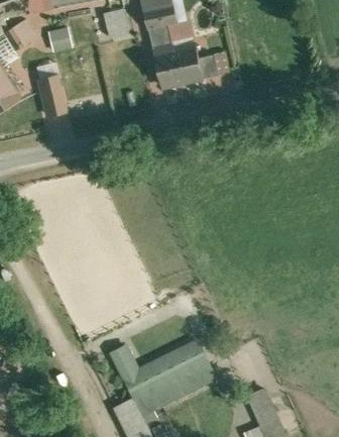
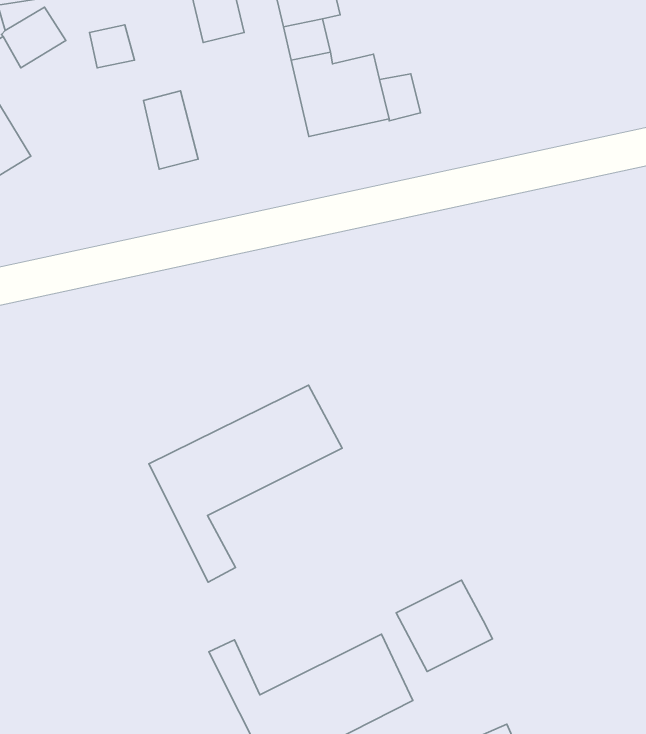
building: [39,75,68,115] -> [143,91,198,169]
building: none -> [149,385,342,582]
building: none -> [396,580,493,671]

